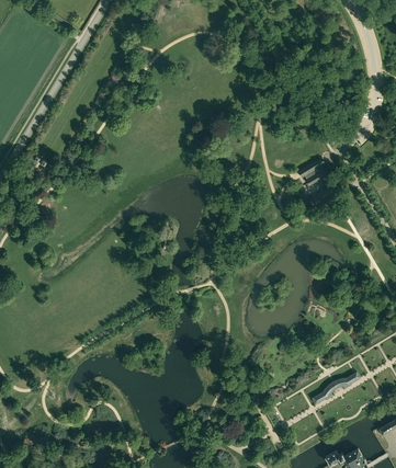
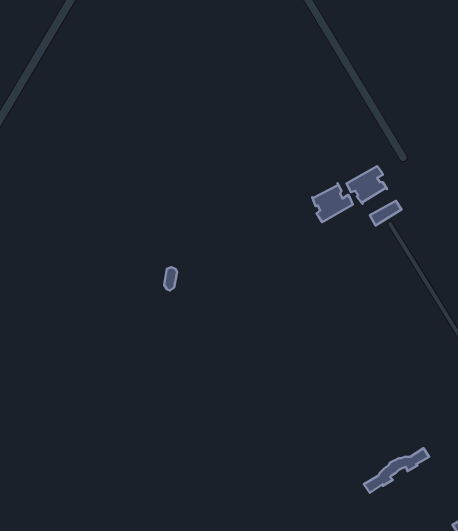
building: none -> [312,183,353,222]

